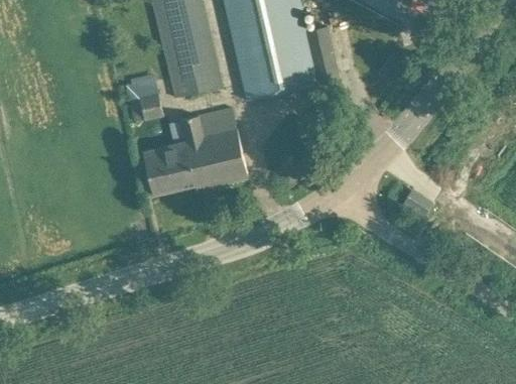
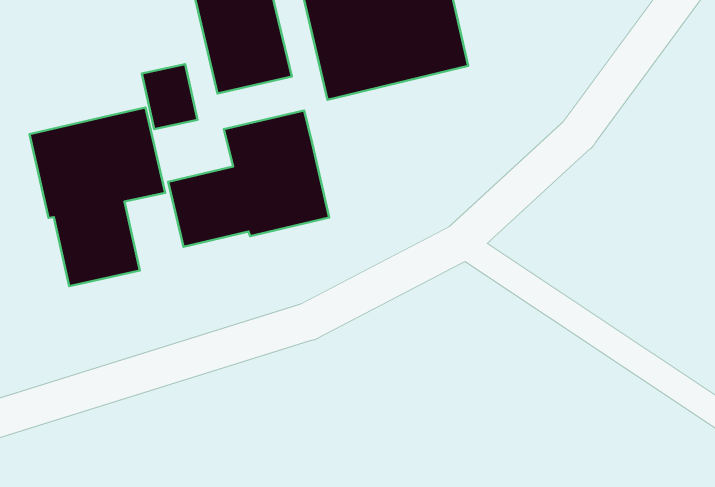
building: none -> [30,108,165,286]

